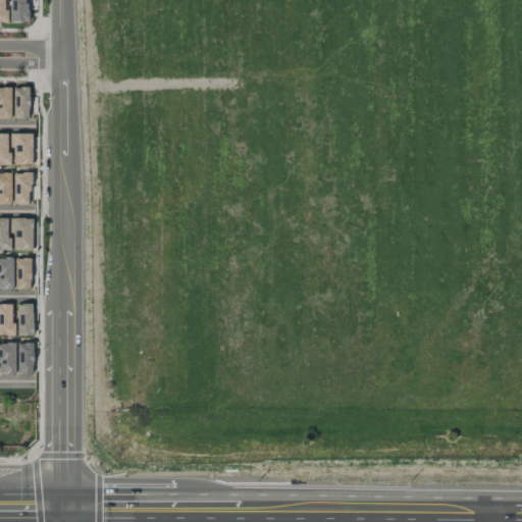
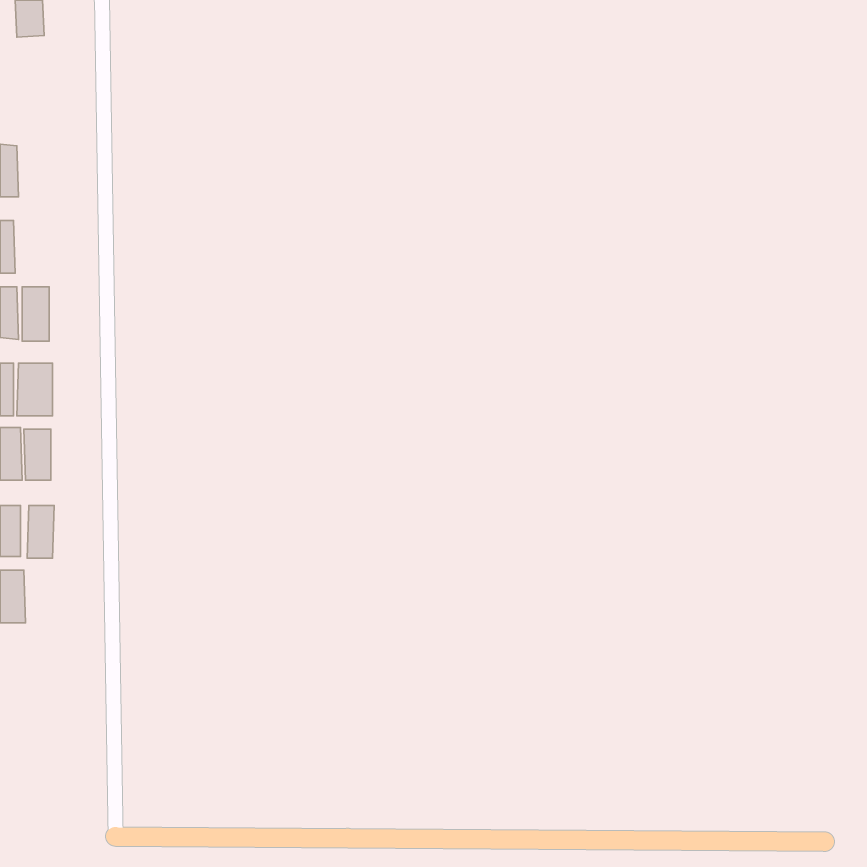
building: [12,87,29,119] -> none
building: [11,133,32,164] -> none
building: [16,343,33,374] -> none

